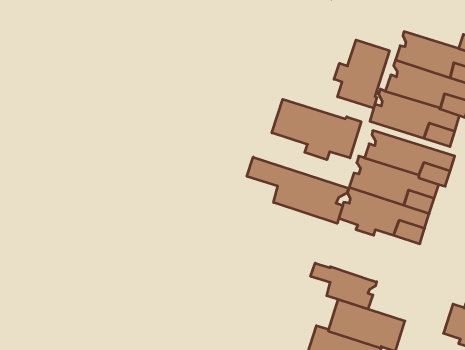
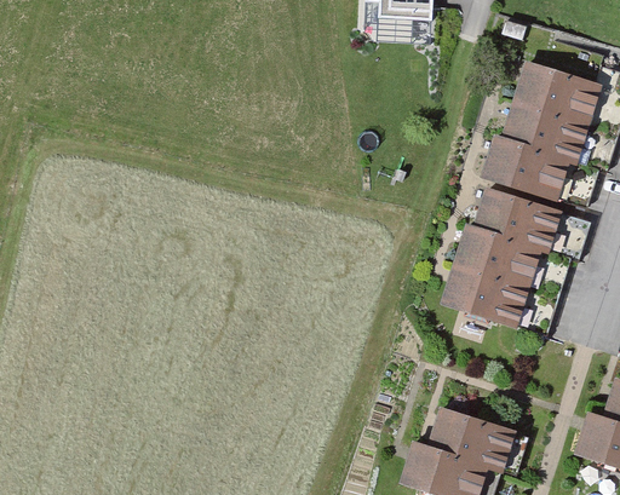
building: [334,40,389,108] -> none
building: [272,99,361,160] -> none
building: [247,157,349,223] -> none
building: [311,263,377,309] -> none

